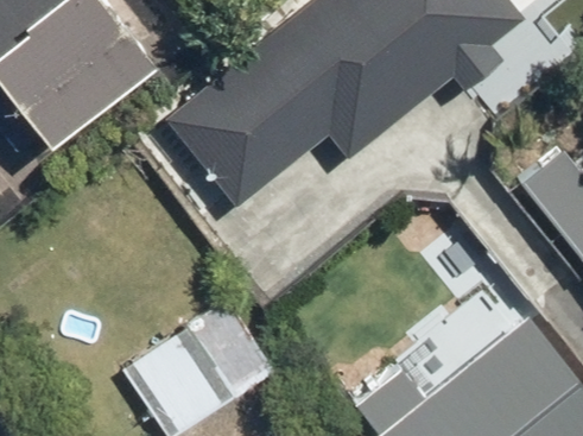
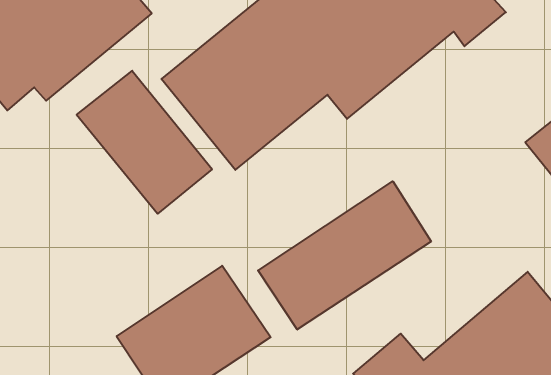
building: none -> [77,71,212,214]
building: none -> [258,181,431,330]

